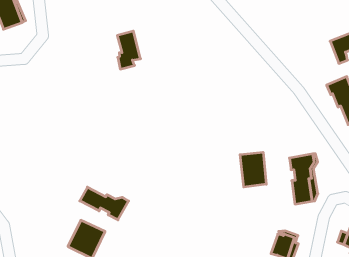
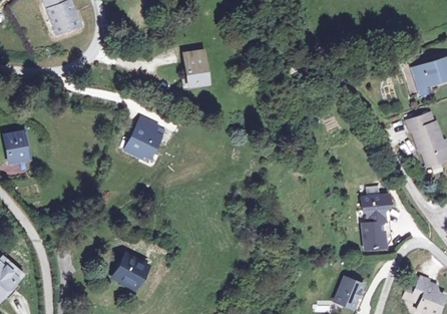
building: none -> [121,112,166,165]
building: [240,152,266,187] -> none
building: [80,187,129,220] -> none

